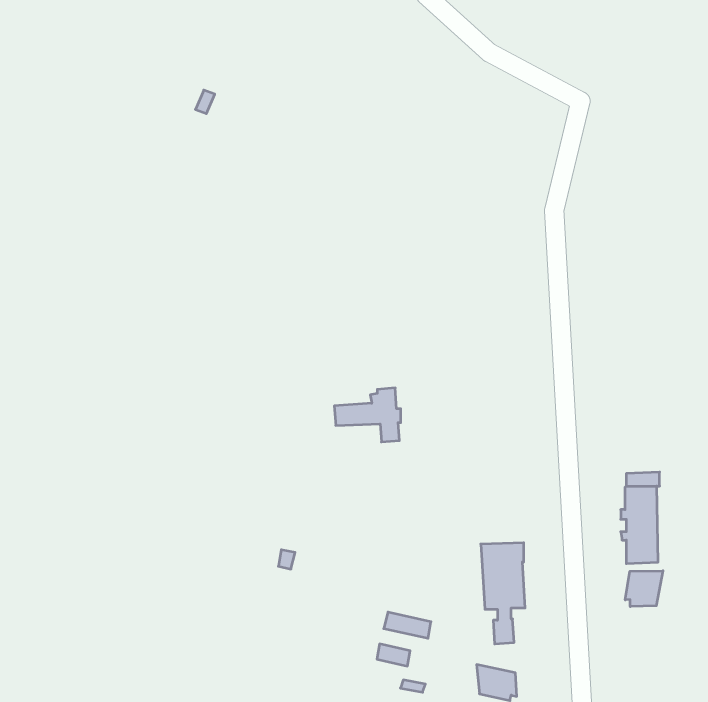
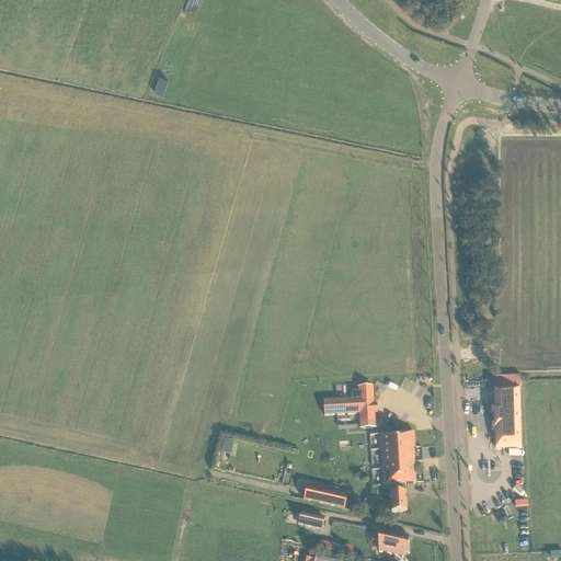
building: [334,388,401,442] -> [323,383,376,426]
building: [625,571,663,607] -> none

